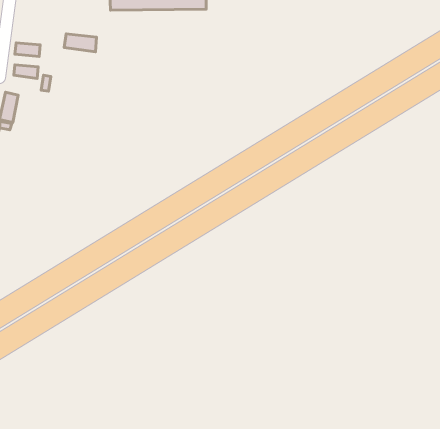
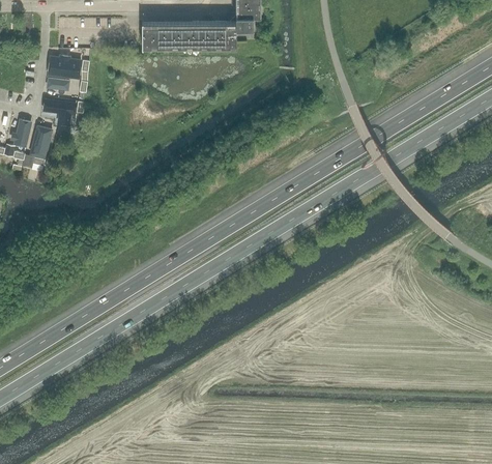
building: [64,34,97,52] -> [48,59,80,77]

